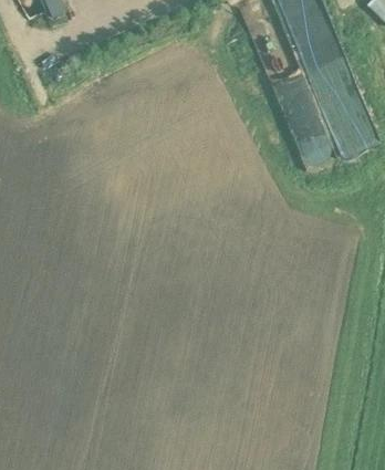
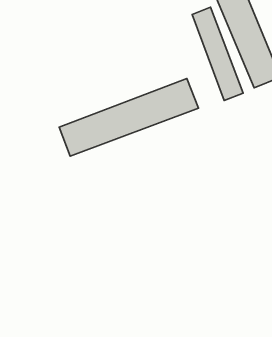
building: none -> [59,78,198,156]

